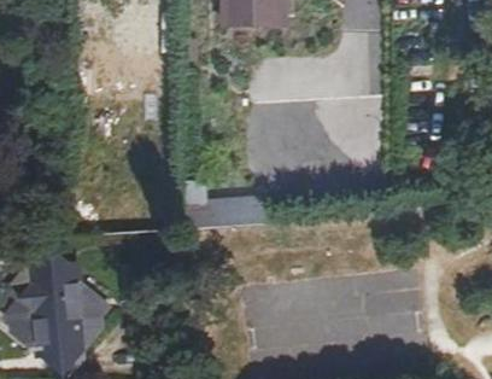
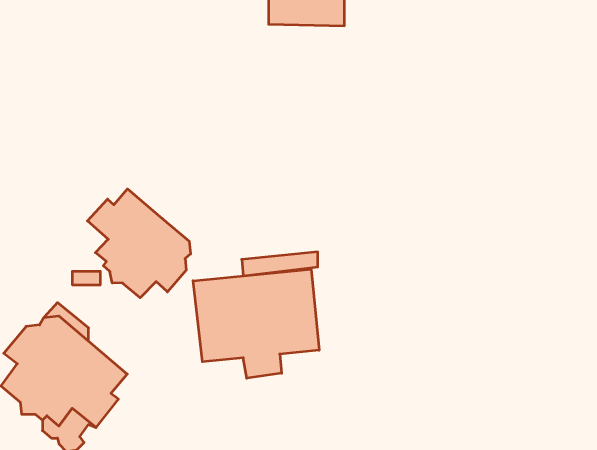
building: none -> [87,189,191,298]
building: none -> [193,269,319,378]

